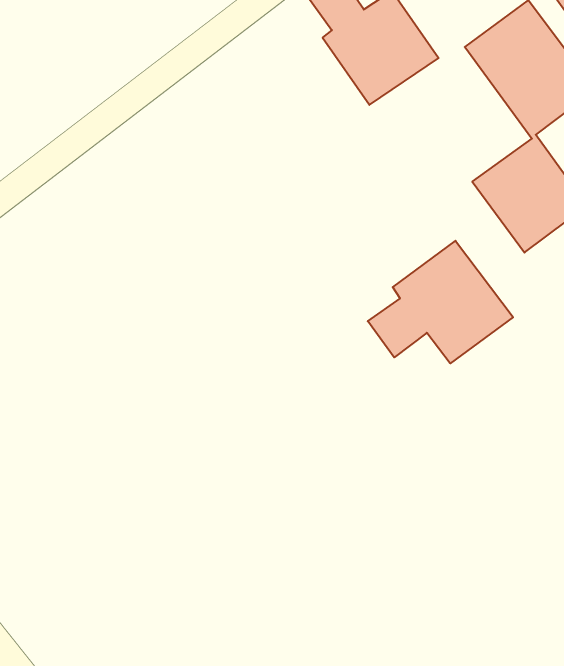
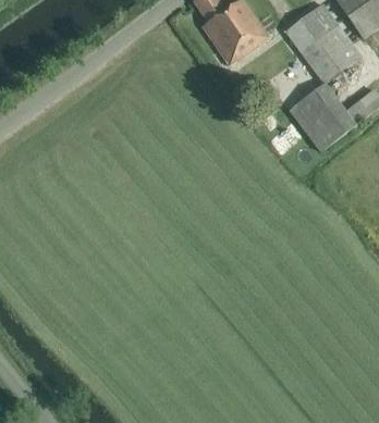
building: [368,241,513,363] -> none

